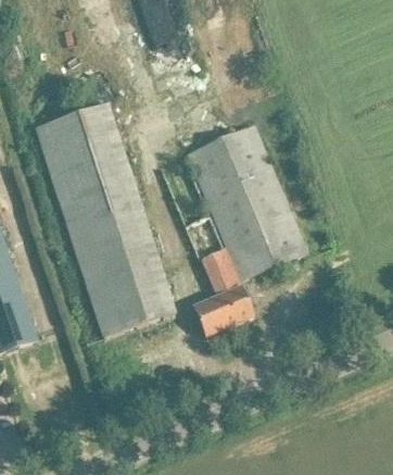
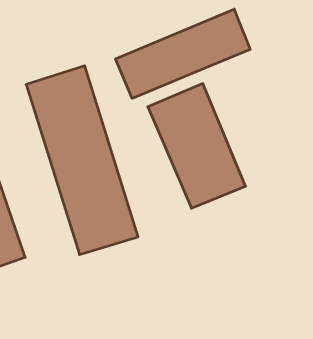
building: none -> [116,9,250,98]
building: [190,249,252,336] -> none

